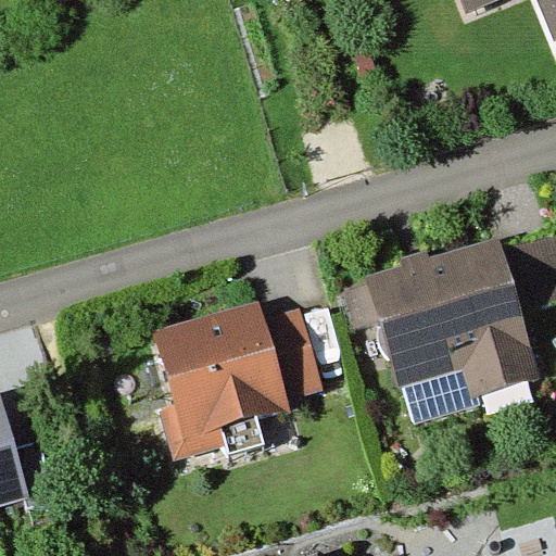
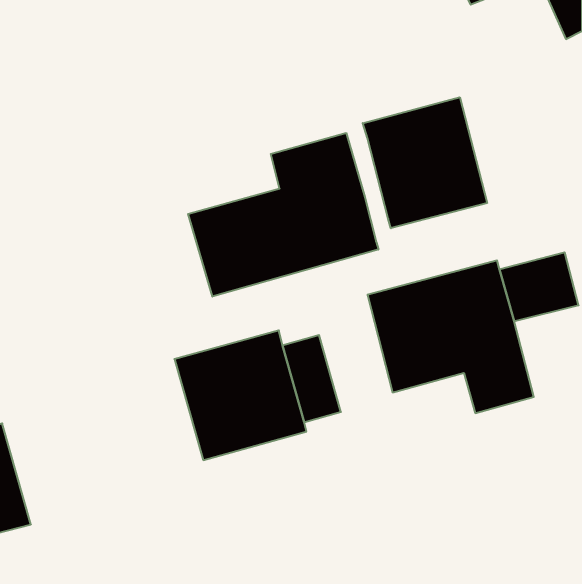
building: none -> [363,97,487,228]
building: none -> [188,133,378,297]

